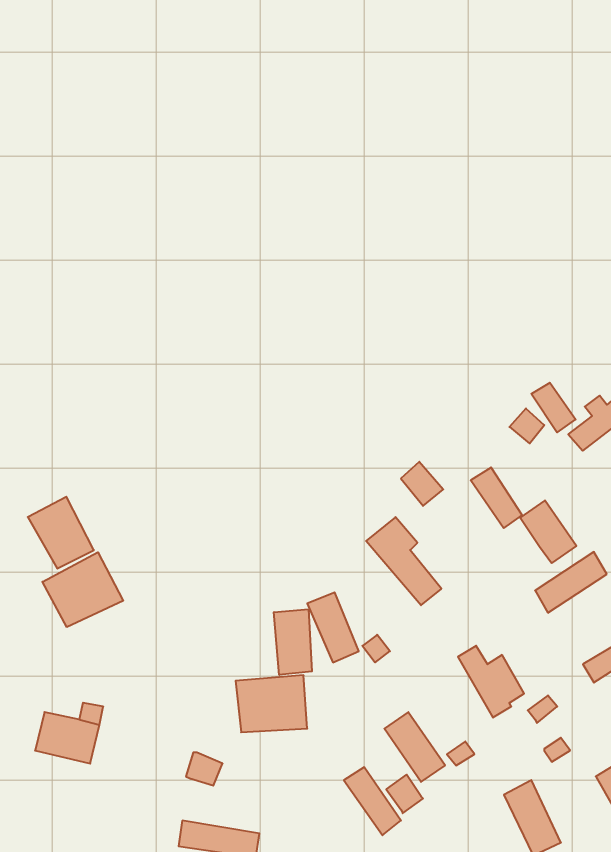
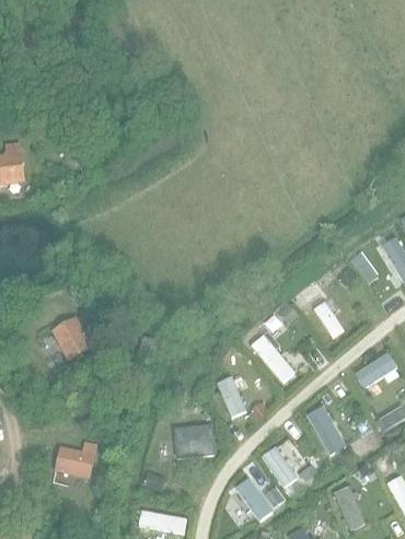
building: [520,500,576,563] -> none
building: [42,552,123,627] -> none
building: [274,609,312,675] -> none

